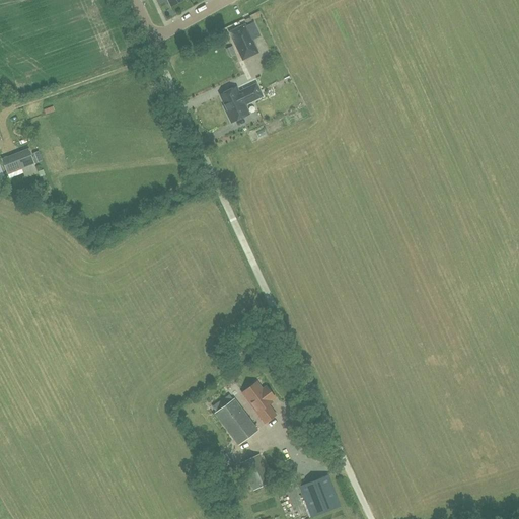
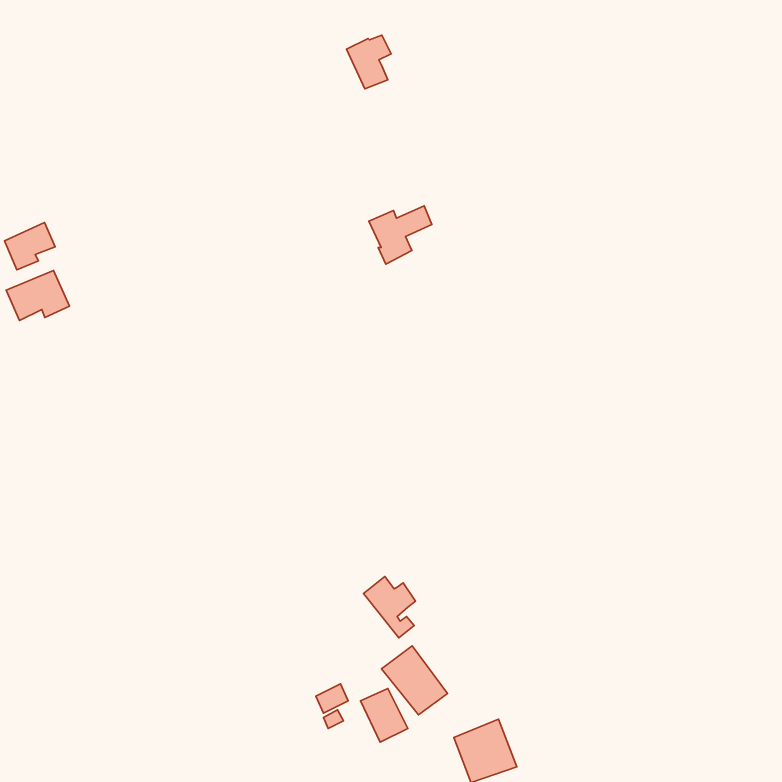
building: [219,84,261,123] -> [369,206,432,264]
building: none -> [6,271,70,320]
building: [213,398,256,444] -> [382,646,448,715]

